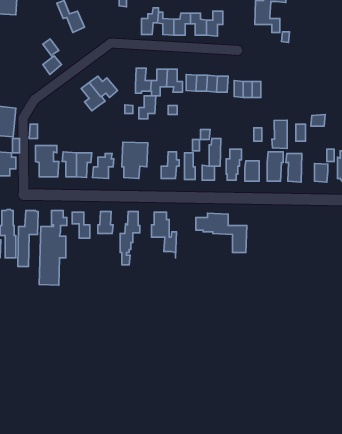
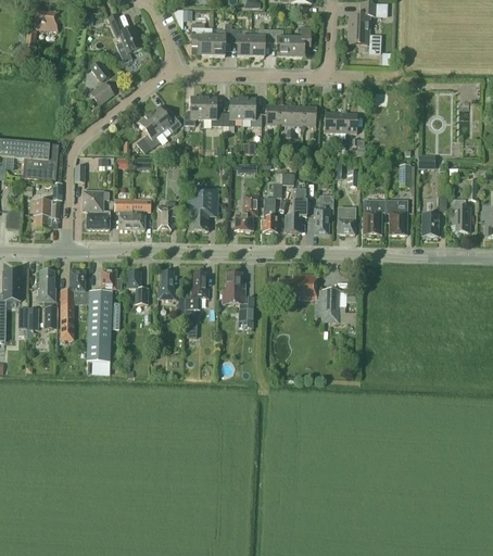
building: none -> [191,26,211,54]
building: [139,96,156,119] -> [184,96,204,124]
building: [272,120,287,148] -> none

